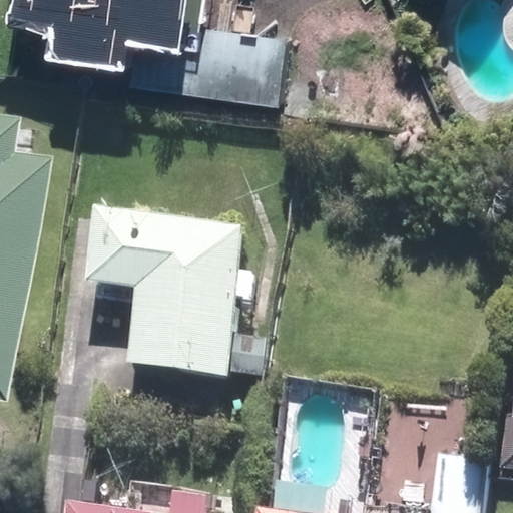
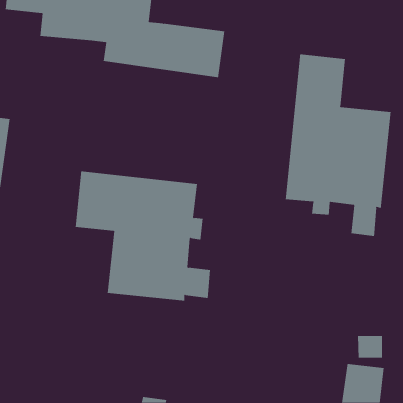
building: none -> [285,53,391,237]

